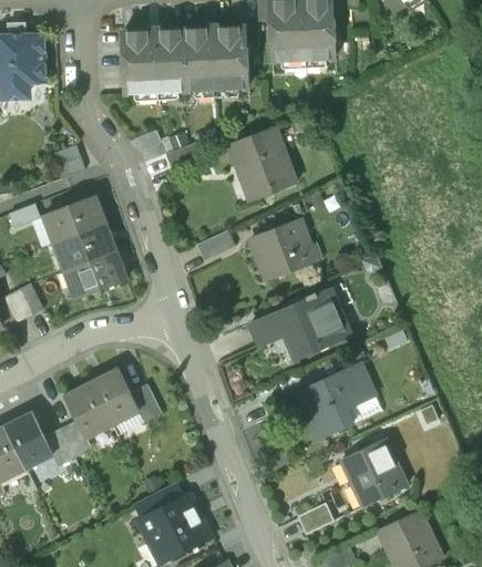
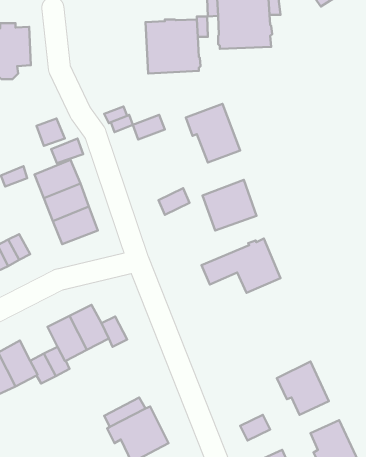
building: [122,28,186,93] -> none
building: none -> [51,139,83,163]
building: [295,362,375,441] -> none

